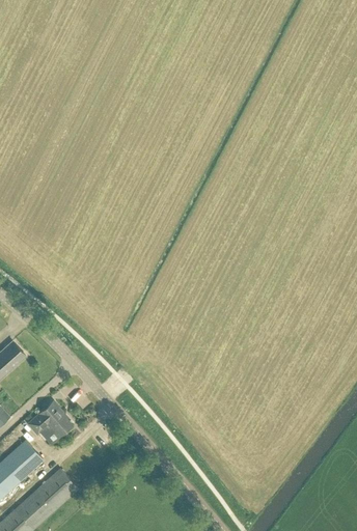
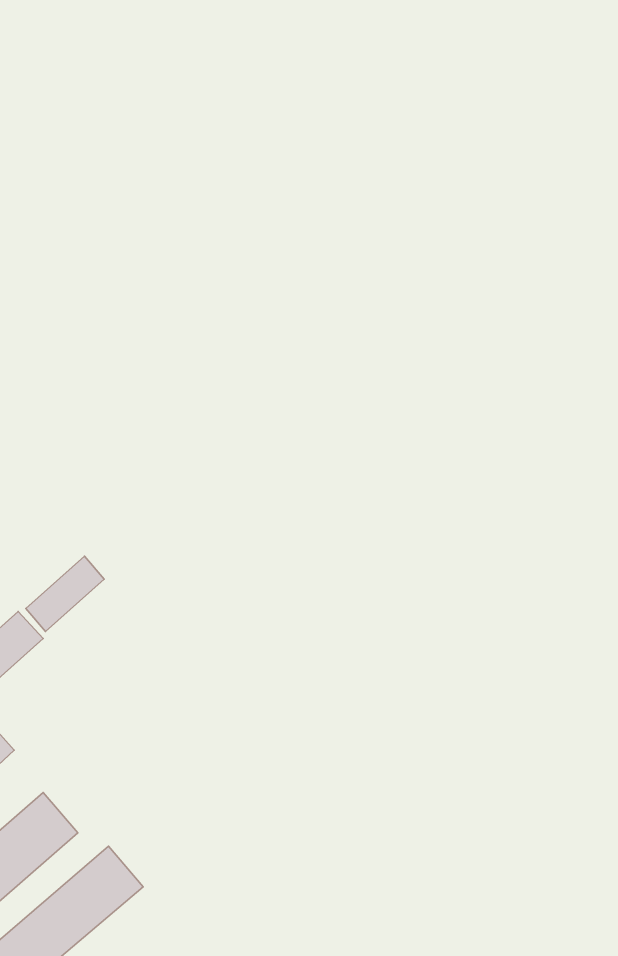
building: none -> [26,556,104,631]
building: [27,401,72,437] -> none

